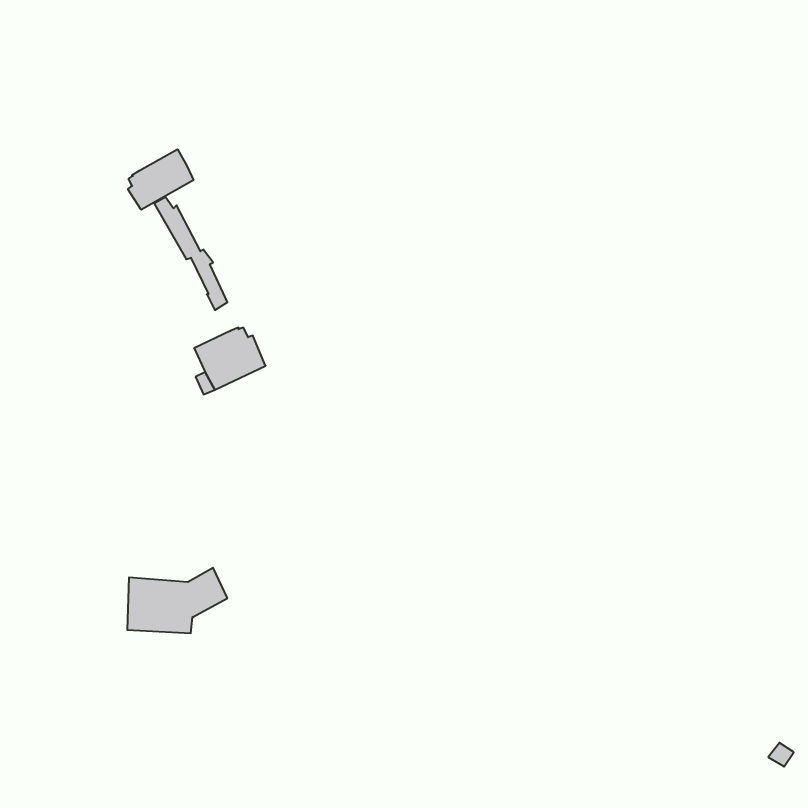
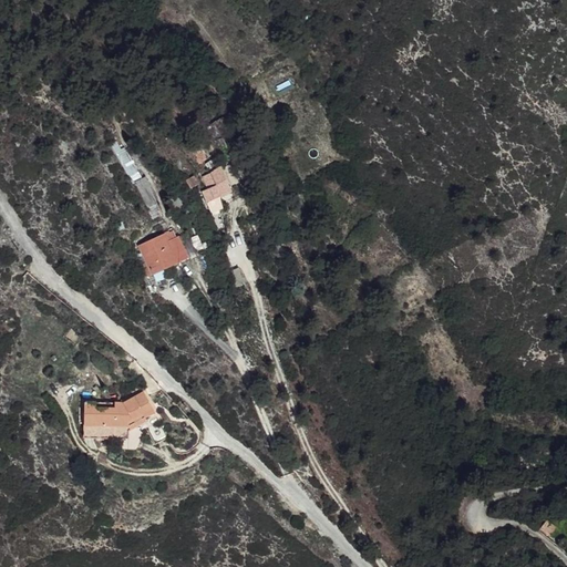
building: [128,149,193,210] -> none
building: none -> [202,165,231,200]

